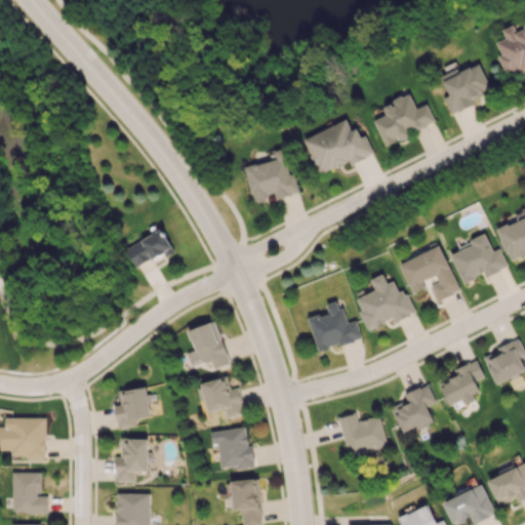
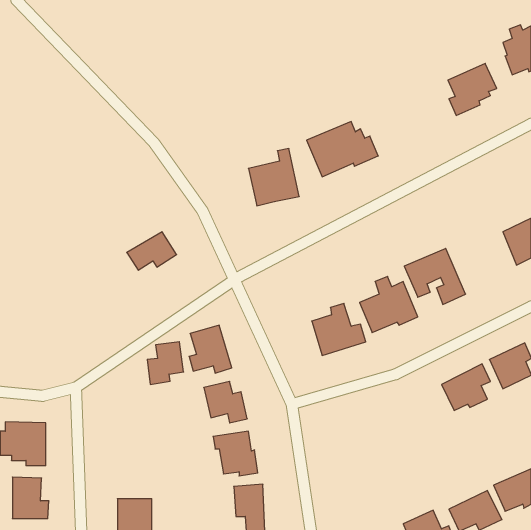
building: [373,93,435,147] -> none
building: [450,234,508,283] -> none
building: [393,385,435,433] -> none
building: [114,388,150,430] -> [147,342,184,384]
building: [337,413,387,457] -> none
building: [117,439,148,482] -> none

